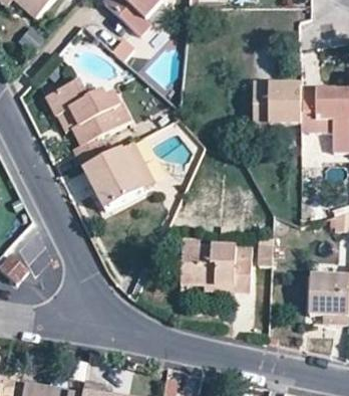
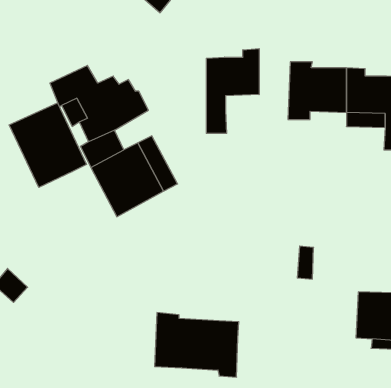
building: none -> [206,49,259,133]
building: none -> [9,103,86,187]
building: [180,237,252,292] -> [155,313,239,377]

